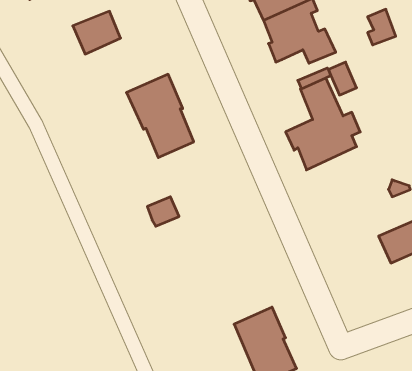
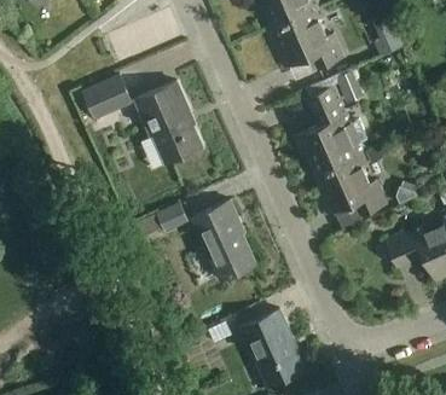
building: [73,11,121,54] -> [82,75,129,117]
building: none -> [313,152,386,216]
building: none -> [192,201,255,280]

